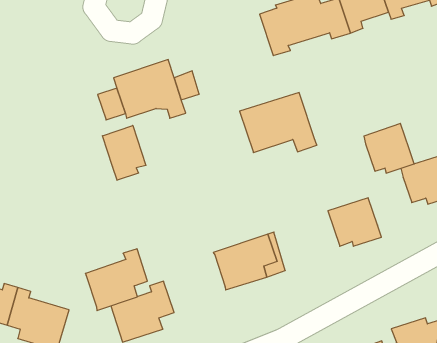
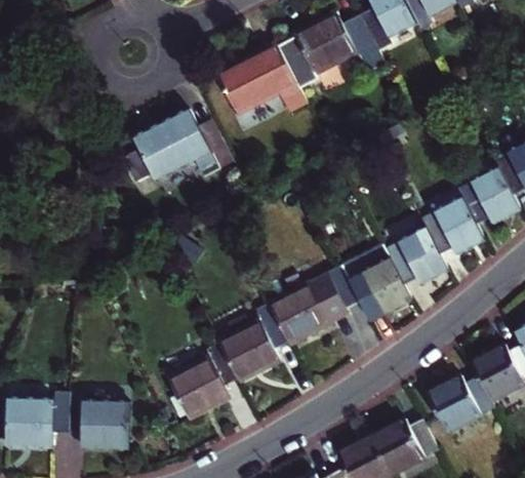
building: [240,93,317,153] -> [217,41,306,113]
building: [364,123,414,173] -> [423,196,482,251]
building: [102,125,146,180] -> none
building: none -> [340,238,411,309]
building: [85,249,147,311] -> [220,310,288,383]

